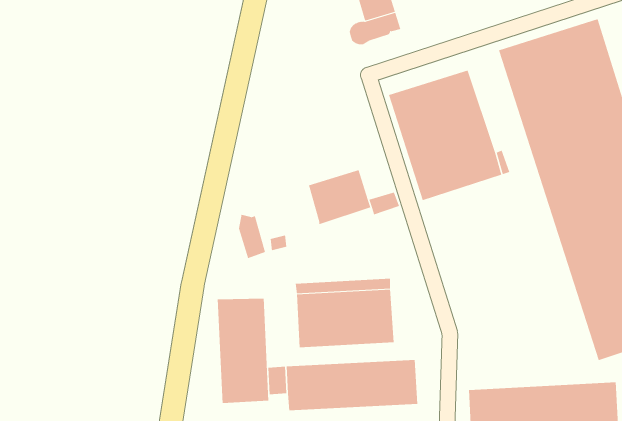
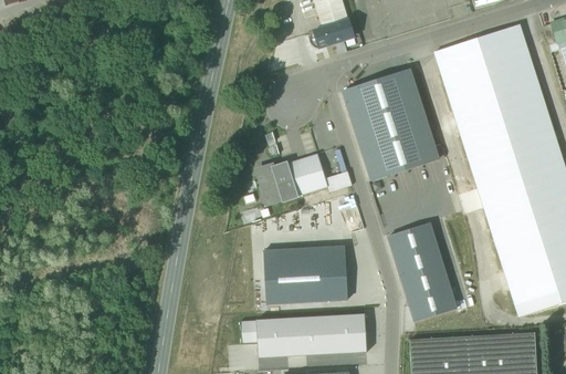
building: [238,214,266,259] -> [260,165,283,202]
building: none -> [387,222,457,321]
building: [217,298,269,404] -> none

